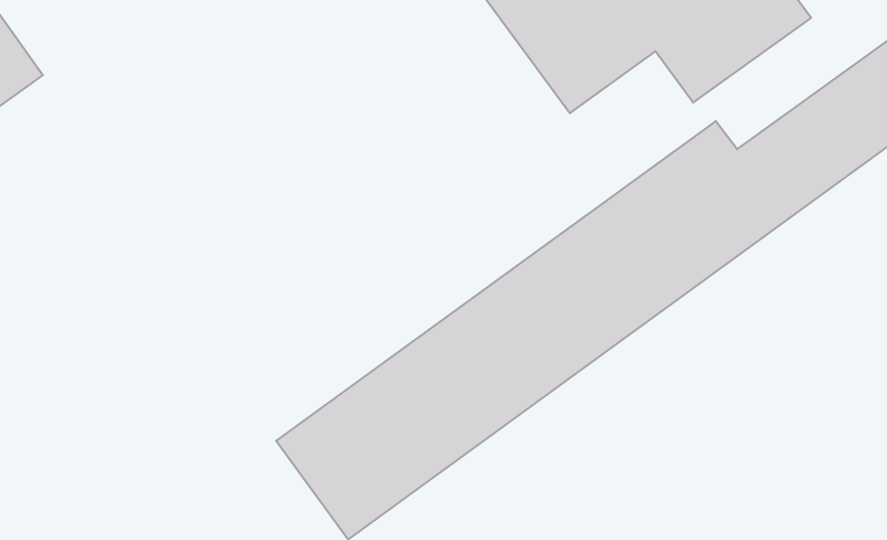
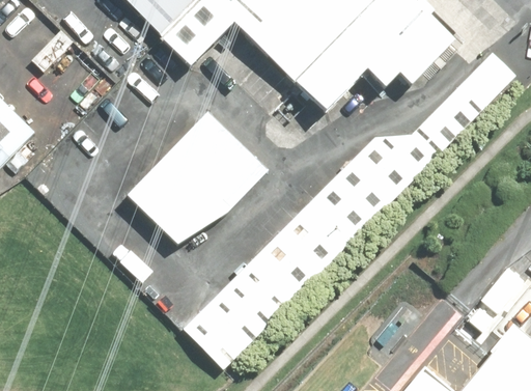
building: none -> [120,104,271,253]

